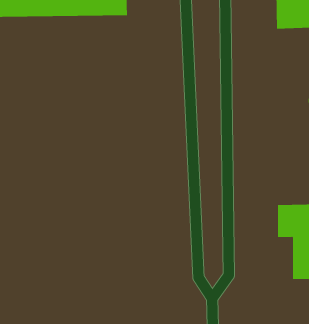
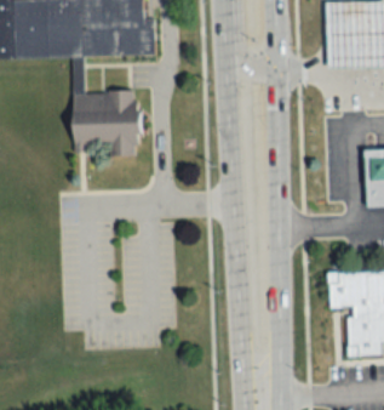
building: none -> [74,89,142,150]

